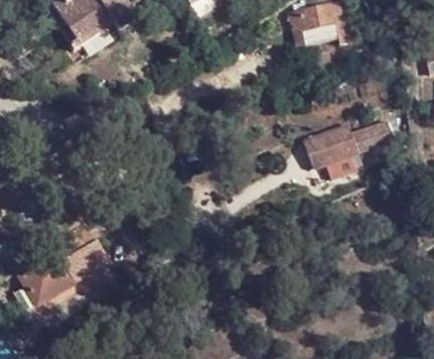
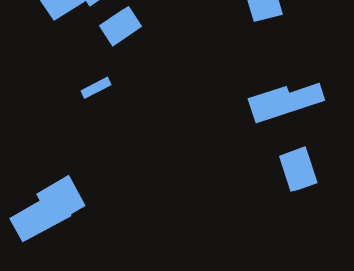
building: none -> [98,5,143,48]
building: none -> [278,145,319,193]

